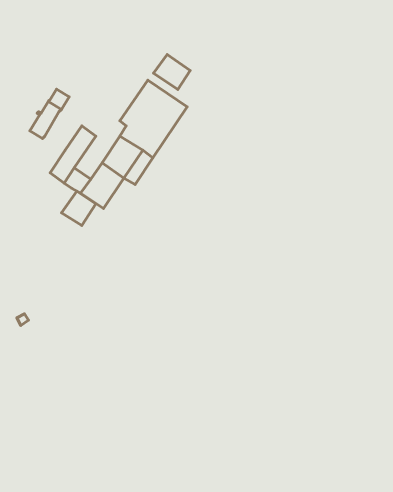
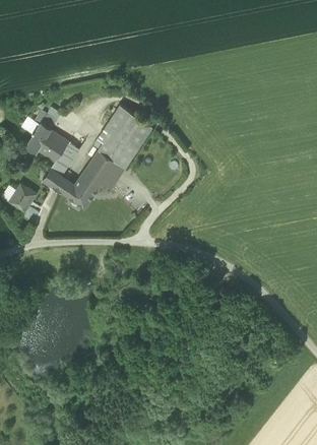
building: [153,55,190,90] -> none
building: none -> [38,131,67,162]
building: [62,191,96,225] -> [8,184,36,211]

